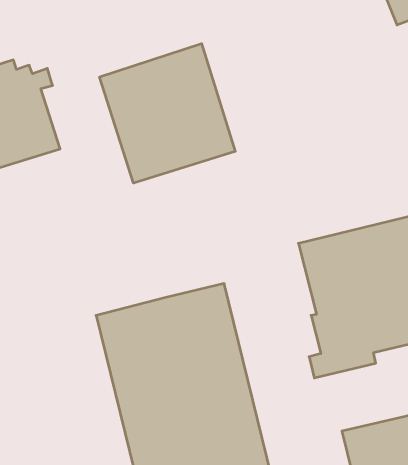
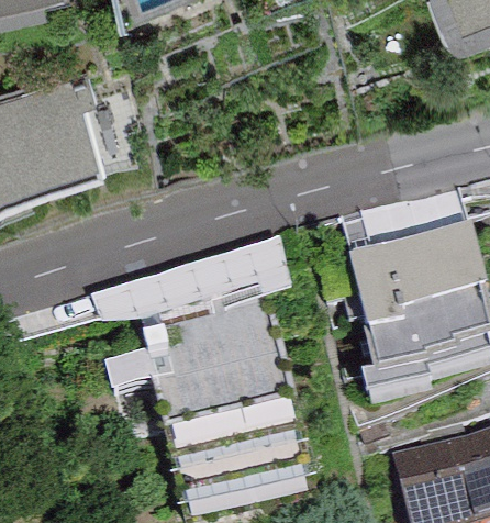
building: [100,44,235,183] -> none
building: none -> [90,236,291,324]

